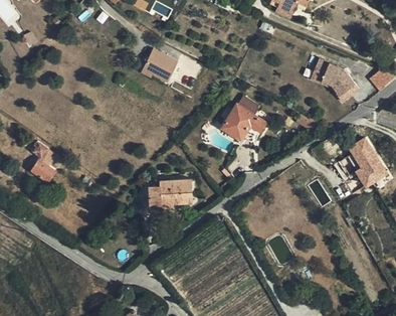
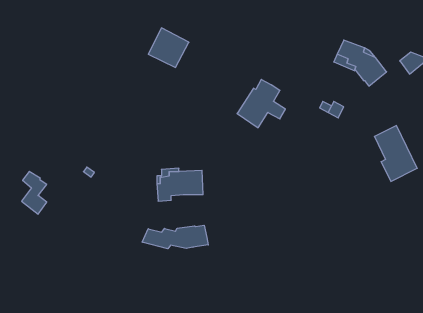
building: [32,142,55,181] -> [22,171,47,214]
building: none -> [142,225,208,249]

